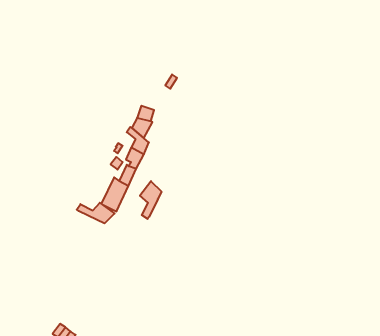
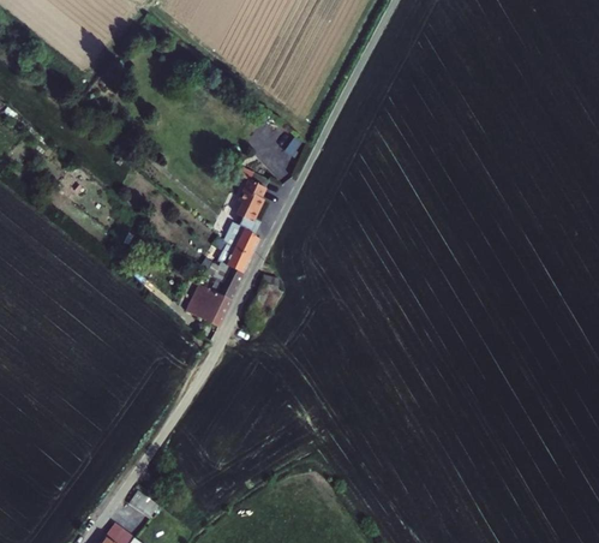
building: [140,181,161,219] -> none
building: [77,203,115,223] -> none

